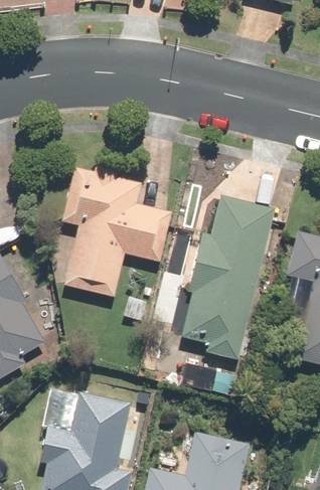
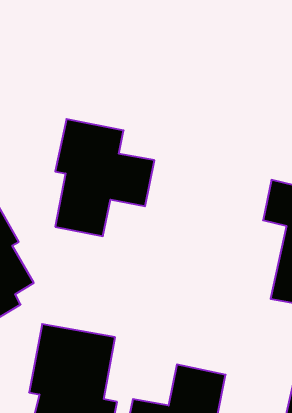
building: [178,192,274,356] -> none

